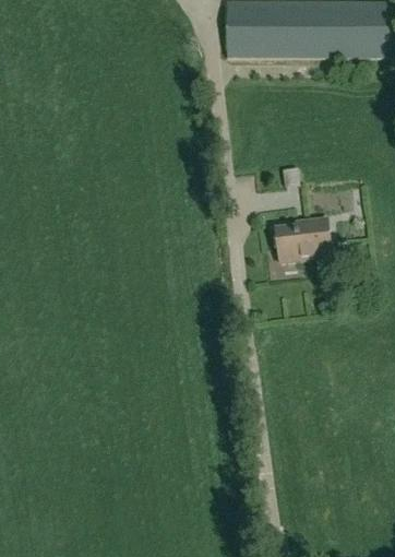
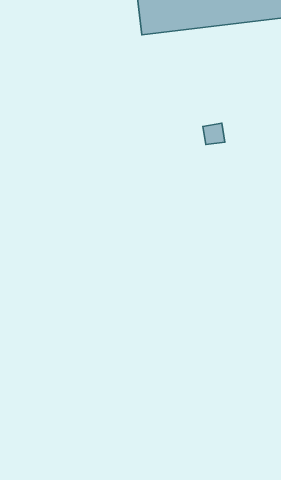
building: [275,216,332,260] -> none

